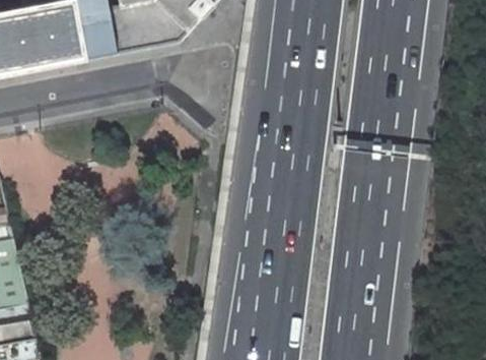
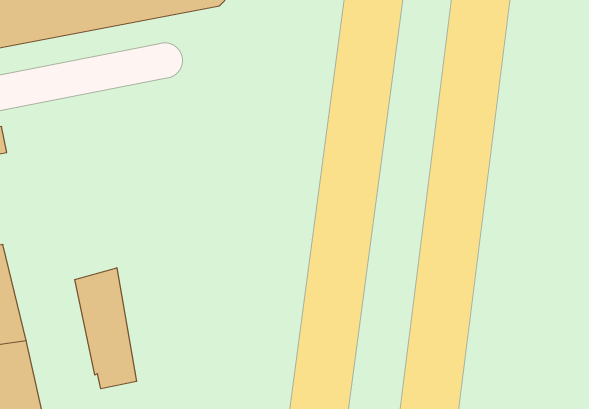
building: none -> [75,268,137,389]

